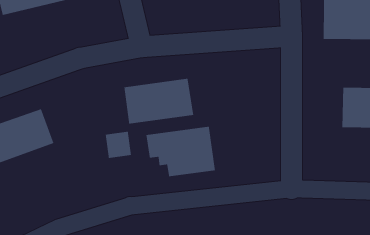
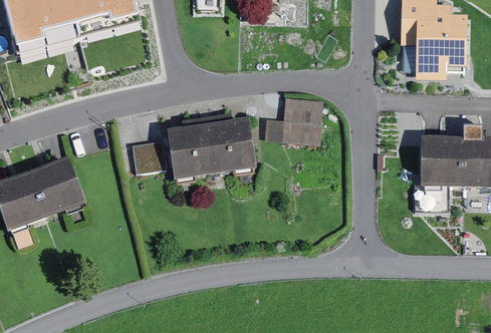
building: none -> [278,96,317,143]
building: [146,126,216,177] -> none
building: [105,131,132,159] -> [130,140,163,175]

